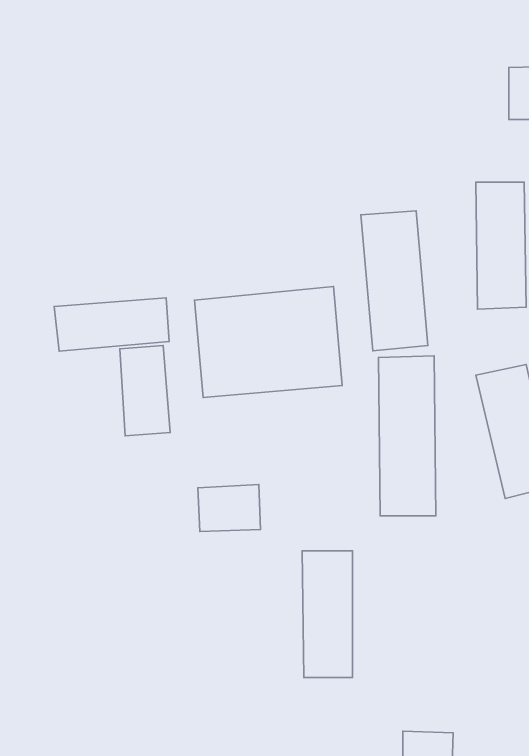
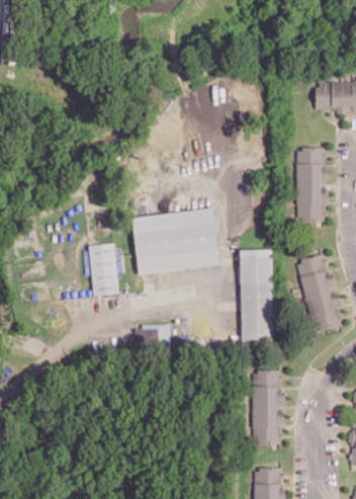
building: [361,211,428,351] -> none
building: [54,298,169,351] -> none
building: [302,551,352,678] -> [252,370,281,444]

